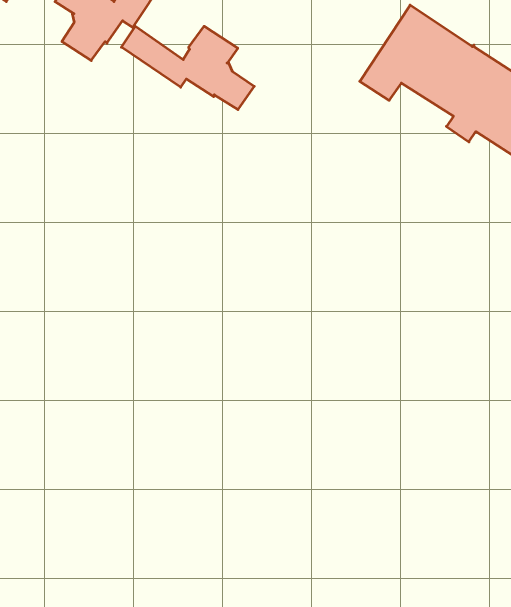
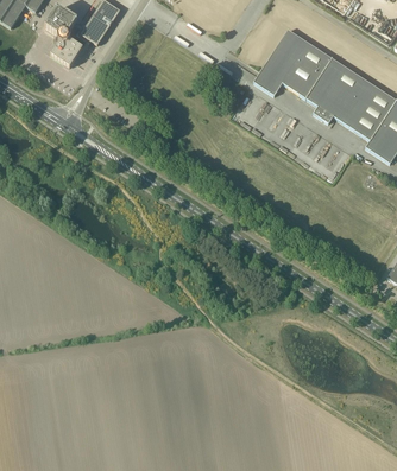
building: [121,26,254,110] -> none

